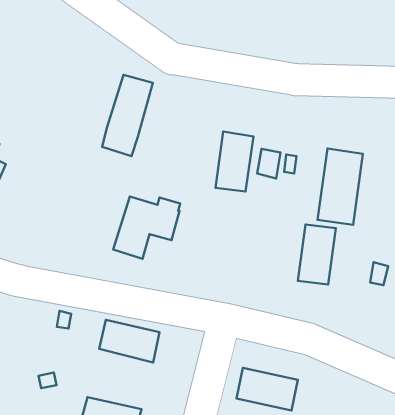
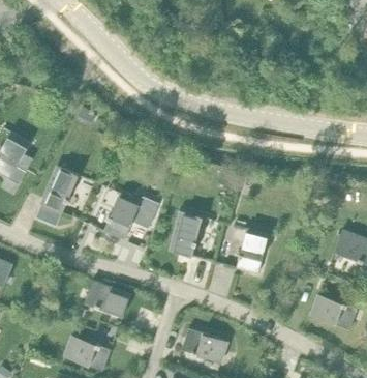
building: [102,75,153,156] -> [35,167,78,227]
building: [216,132,254,191] -> [170,211,202,257]
building: [318,149,363,225] -> none

